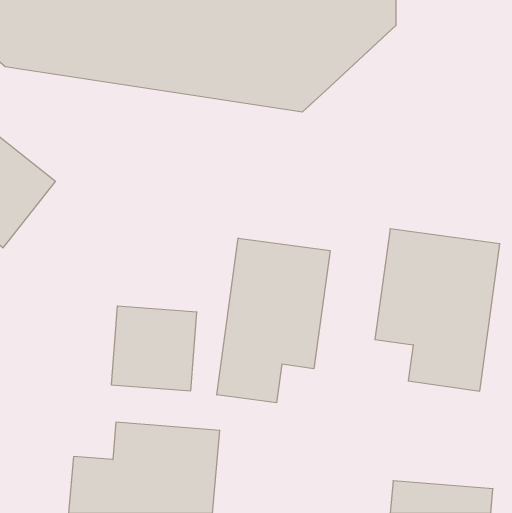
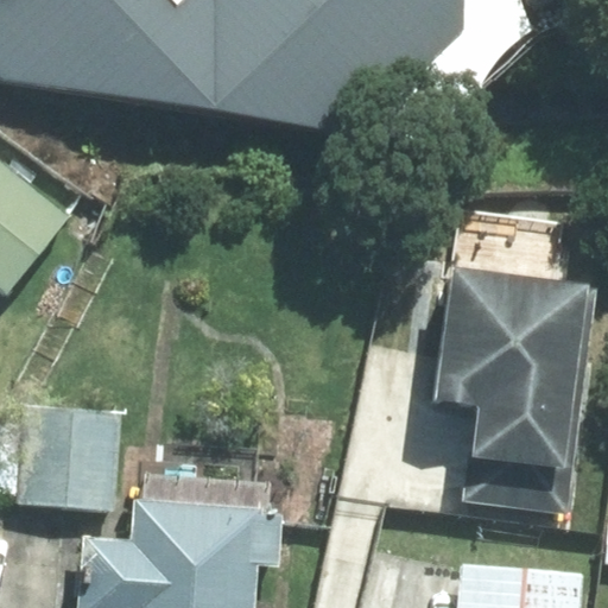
building: [217,238,330,403] -> none
building: [111,306,197,391] -> [19,408,120,508]

